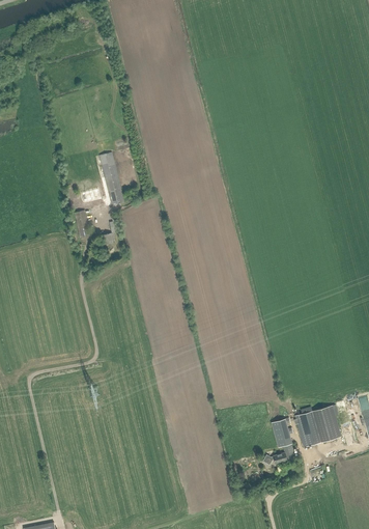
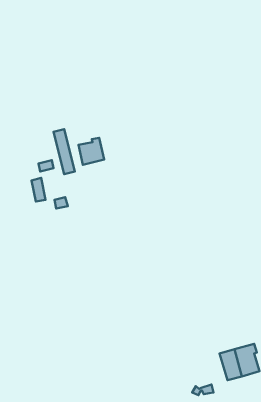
building: none -> [78,138,104,165]
building: [269,419,291,449] -> none

